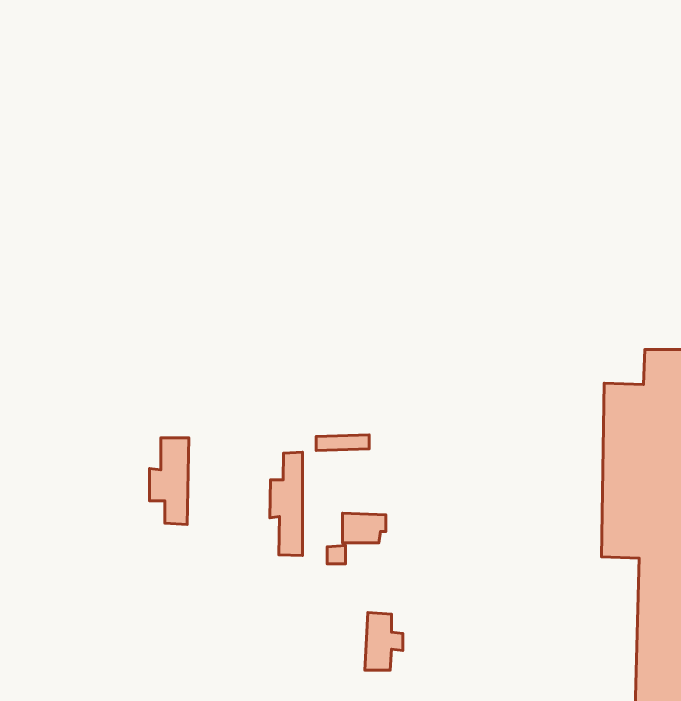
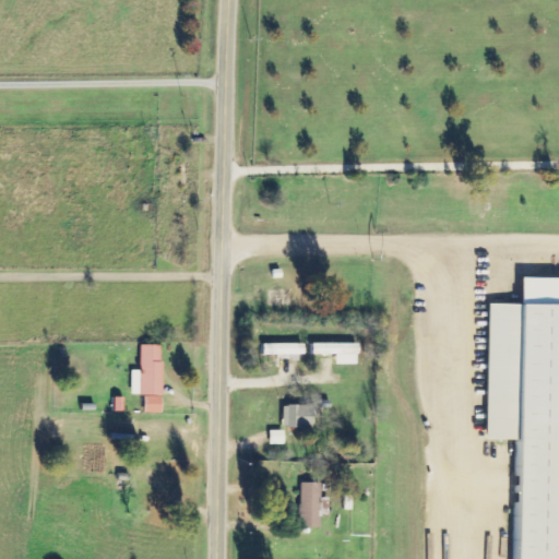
building: none -> [313,342,359,364]
building: [270,452,302,555] -> none

